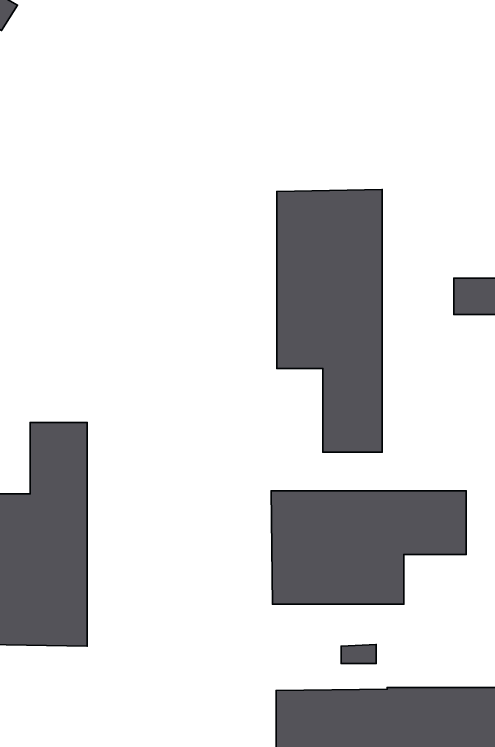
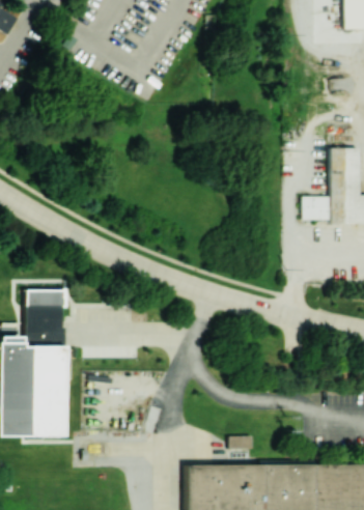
building: [277,189,382,452] -> none
building: [271,491,466,604] -> none

